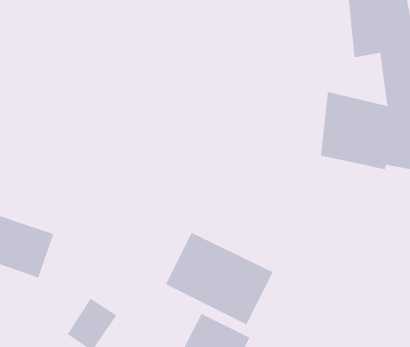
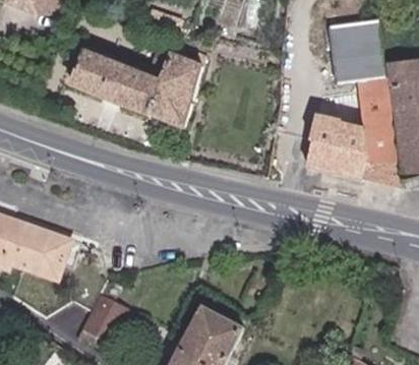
building: none -> [71,52,203,125]
building: [165,232,273,325] -> none

